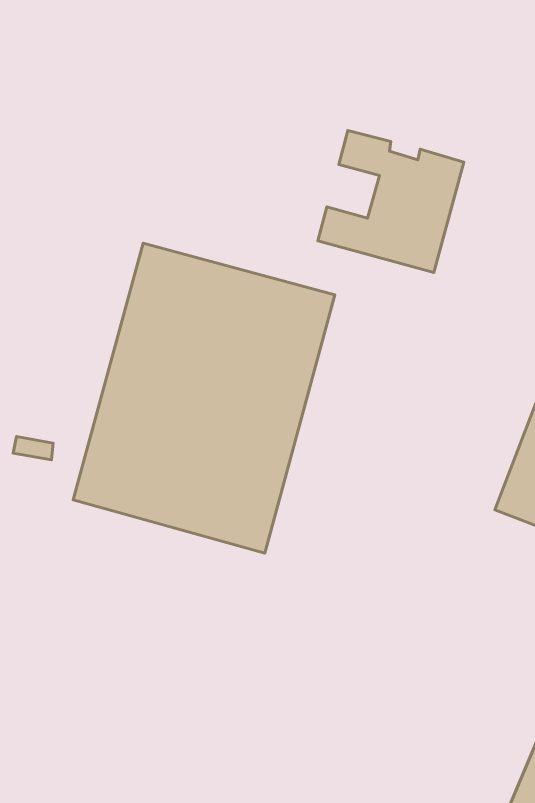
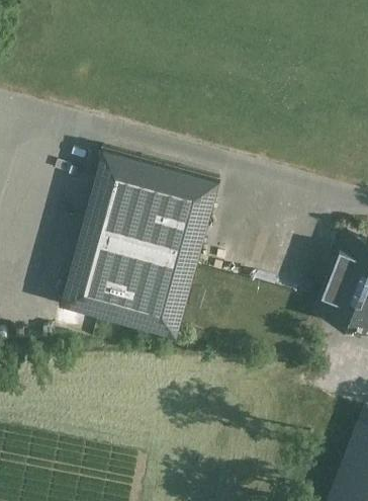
building: [318,131,464,272] -> none

